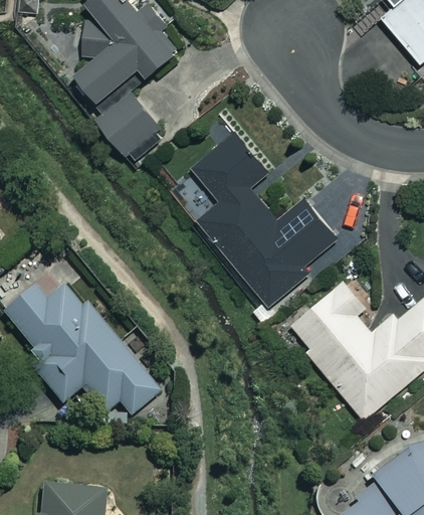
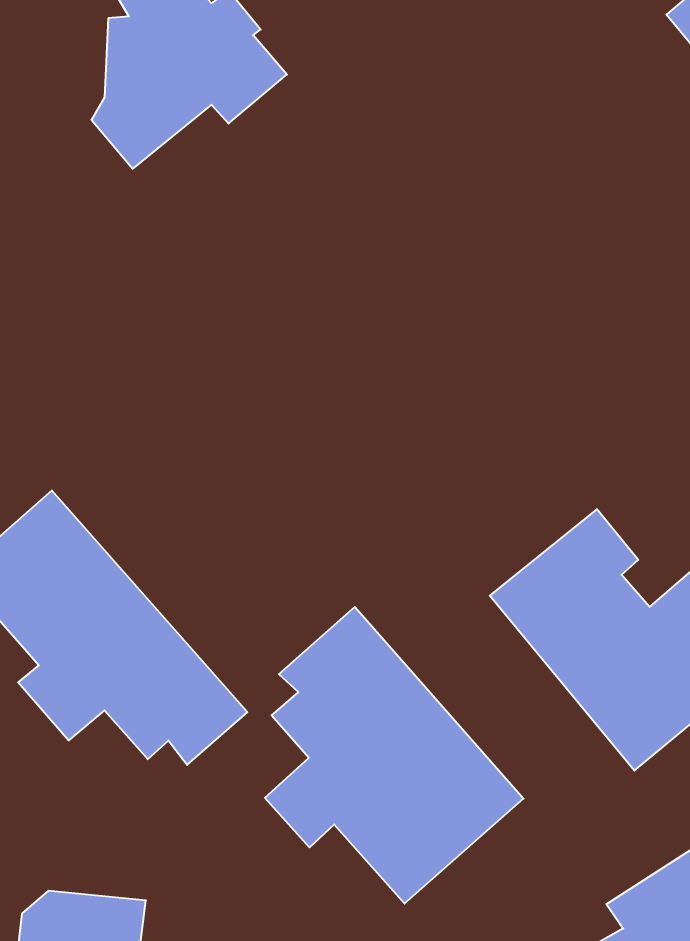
building: [97,91,167,161] -> none
building: [192,133,348,322] -> none
building: none -> [265,607,524,904]

